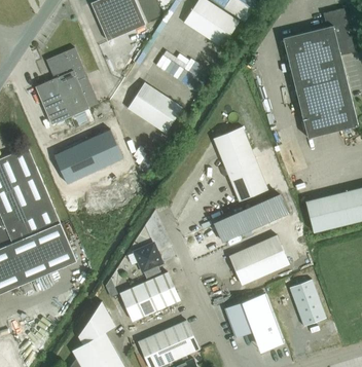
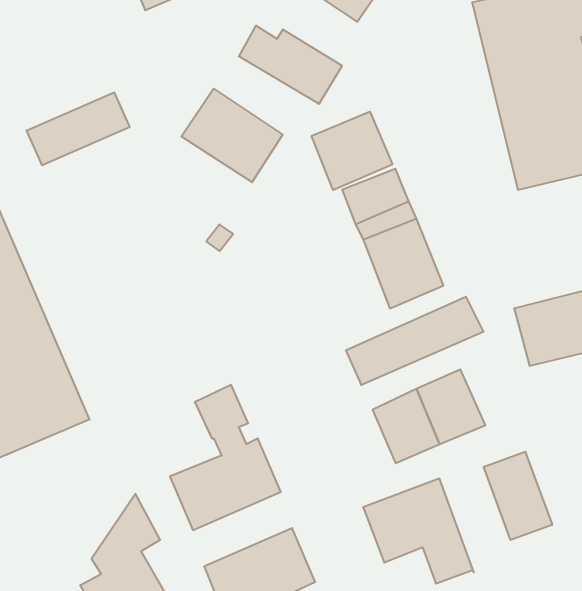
building: [35,47,90,106] -> none
building: none -> [312,112,392,190]
building: [53,130,123,183] -> none

